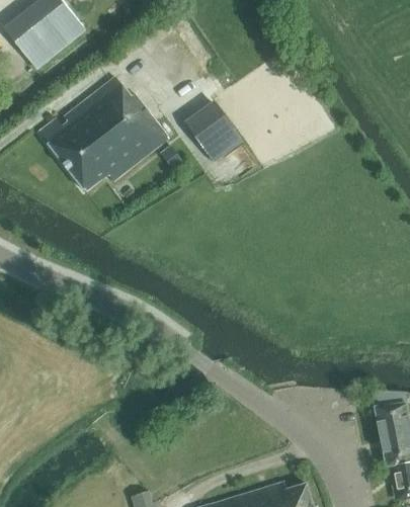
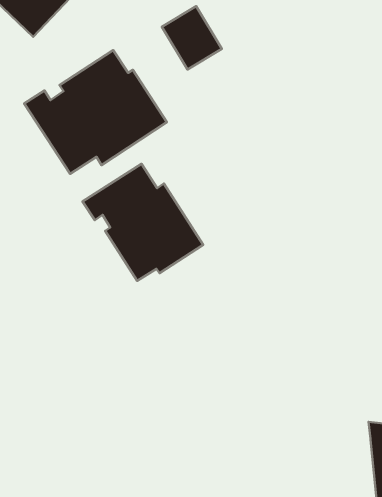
building: [187,104,243,162] -> [162,6,222,70]
building: none -> [82,164,203,281]

